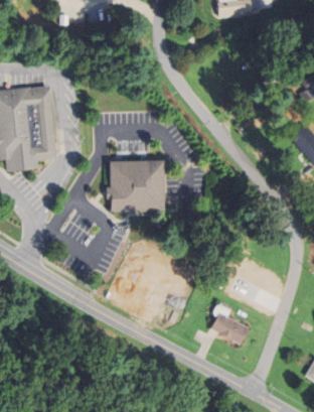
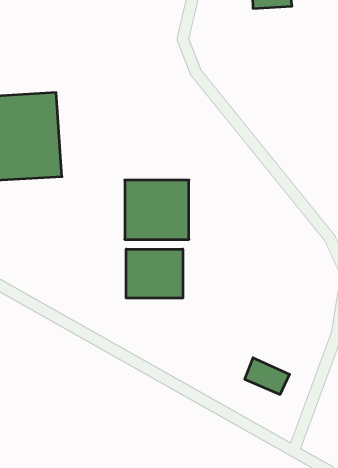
building: none -> [126,249,183,298]

